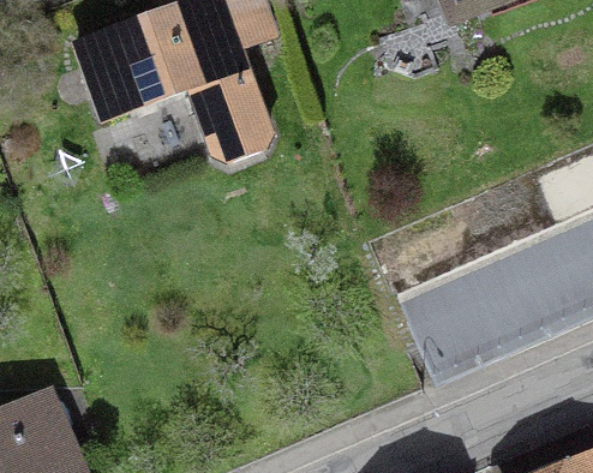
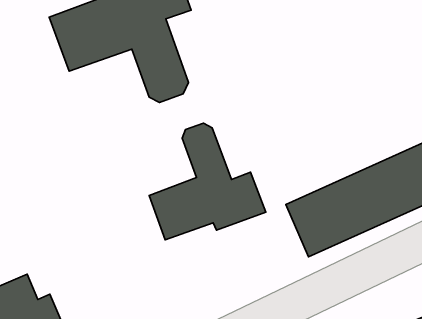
building: none -> [149,123,266,240]

